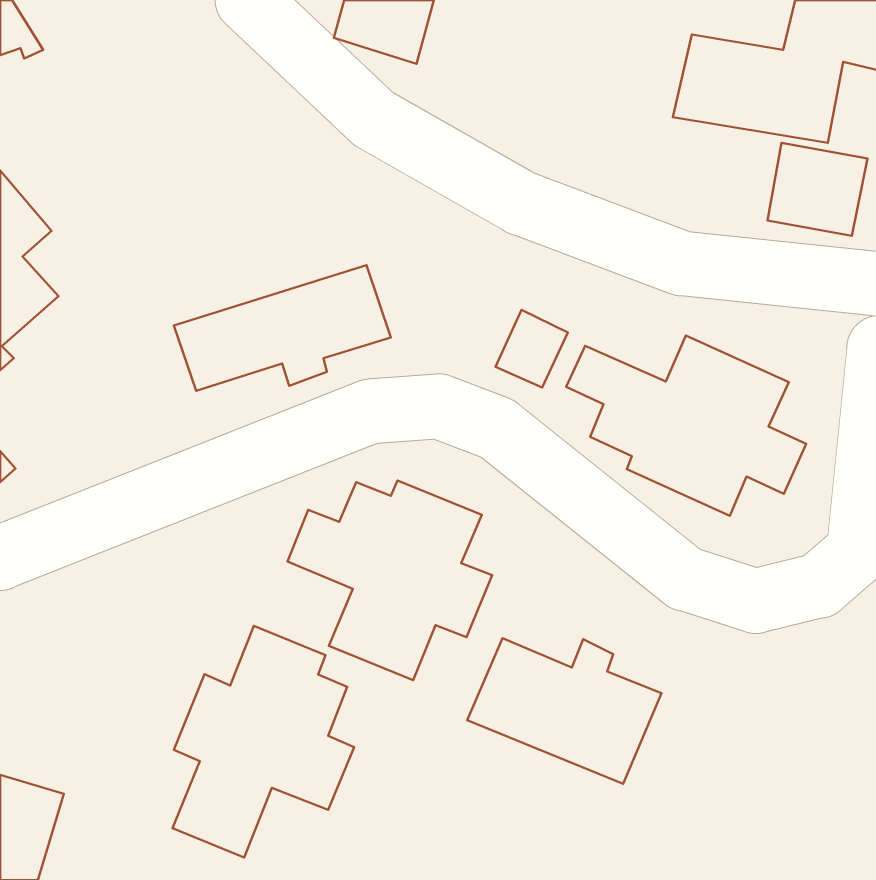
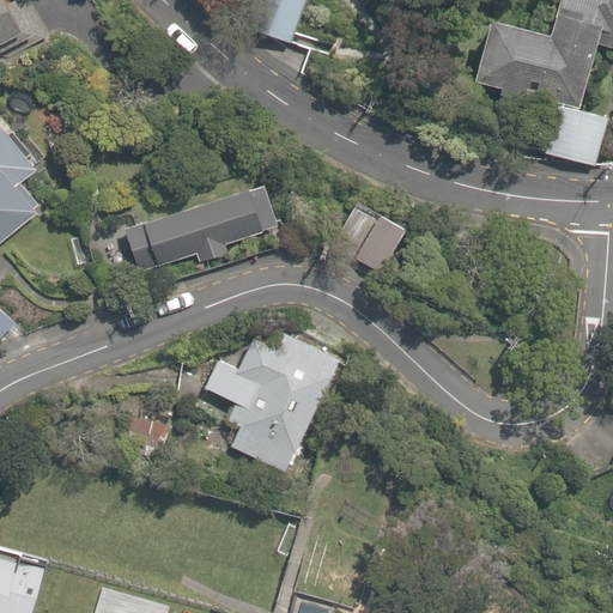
building: [566,335,806,516] -> none
building: [172,626,354,858] -> none
building: [467,638,661,784] -> none

